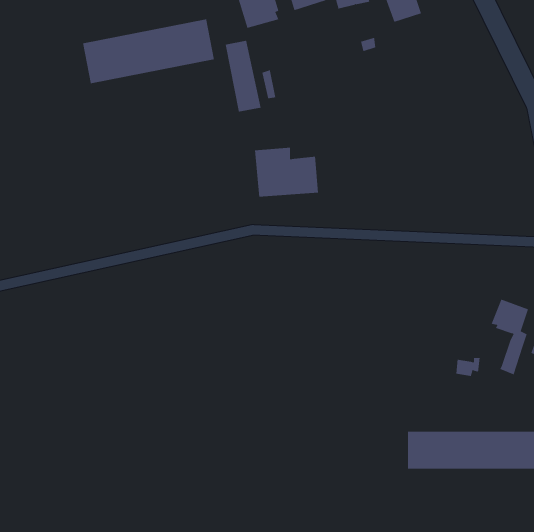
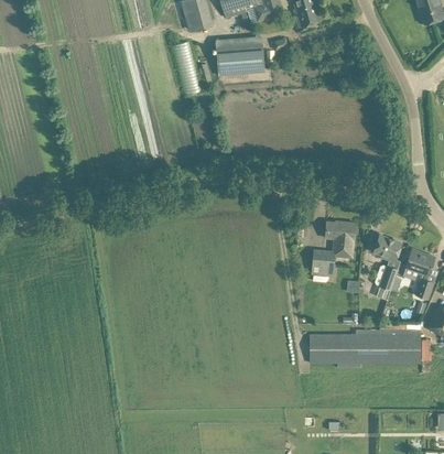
building: [82,18,215,84] -> none
building: [254,147,319,197] -> [216,37,264,75]
building: none -> [310,221,356,278]

